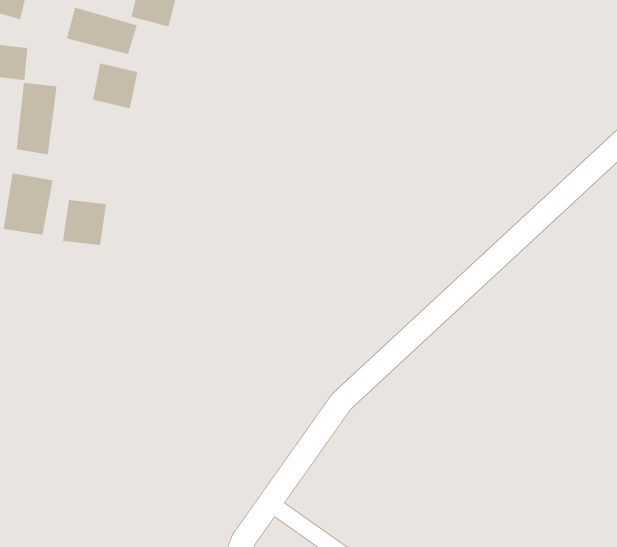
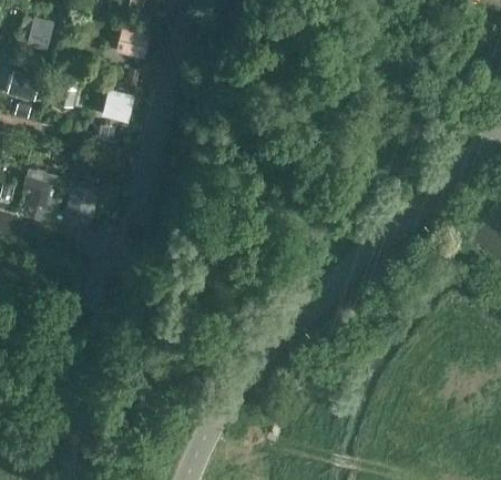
building: [66,7,138,55] -> none
building: [16,82,57,155] -> none

